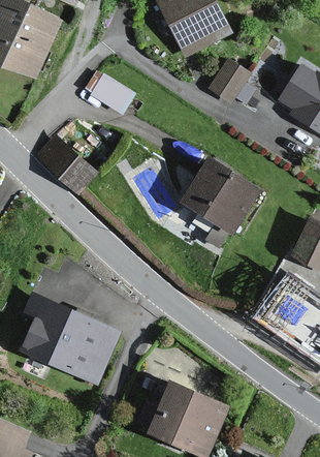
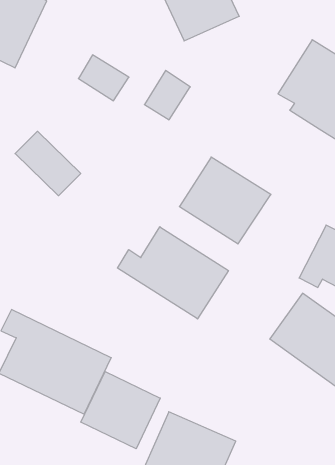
building: [209,59,249,102] -> [144,70,190,120]
building: none -> [117,227,228,319]
building: none -> [81,372,160,449]

